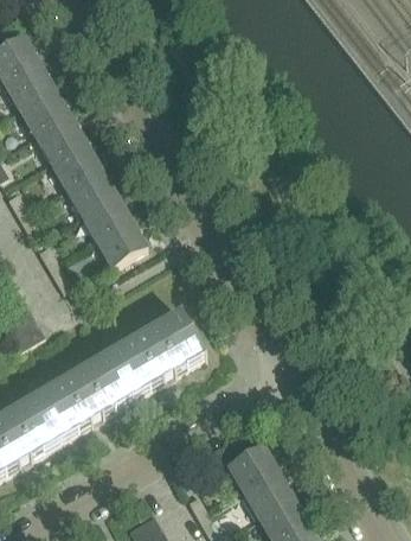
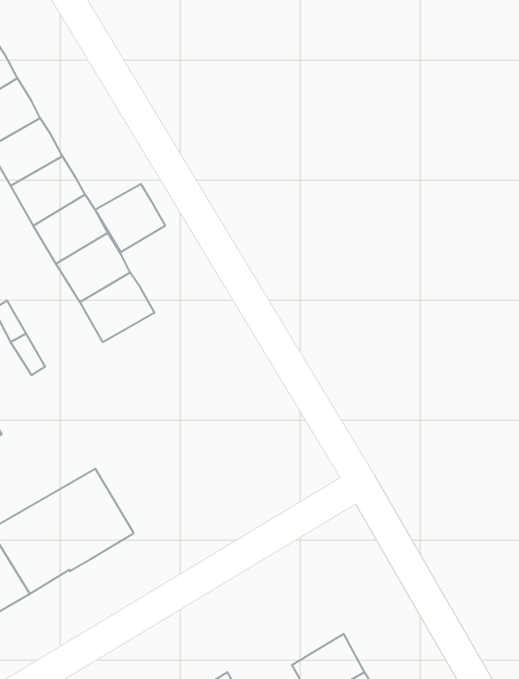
building: none -> [95,184,165,252]
building: [107,310,205,395] -> none
building: [226,440,276,485] -> none

